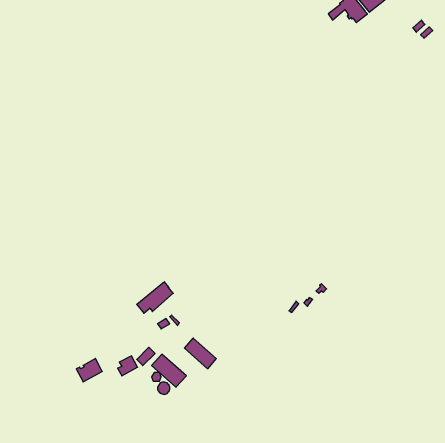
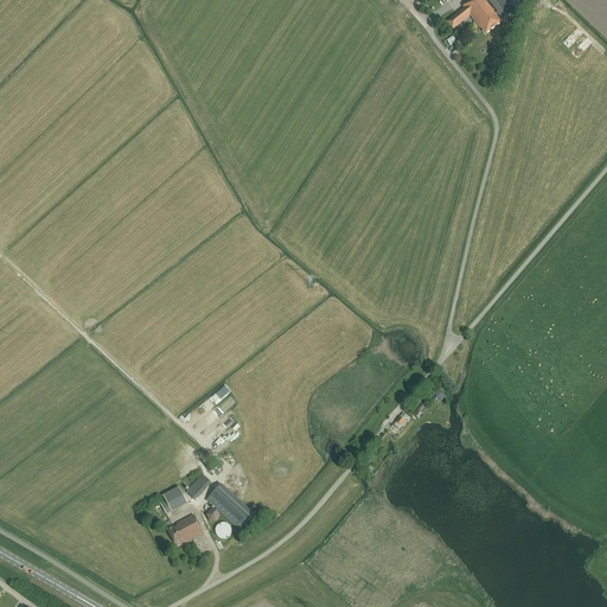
building: [185,338,216,369] -> none
building: [76,358,102,382] -> [167,512,203,544]

